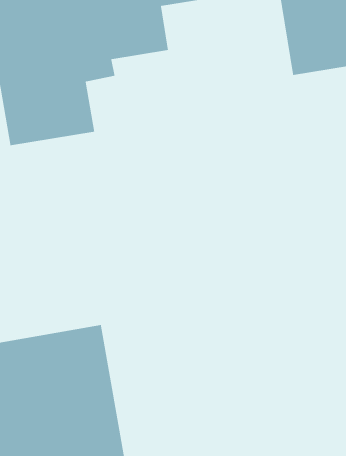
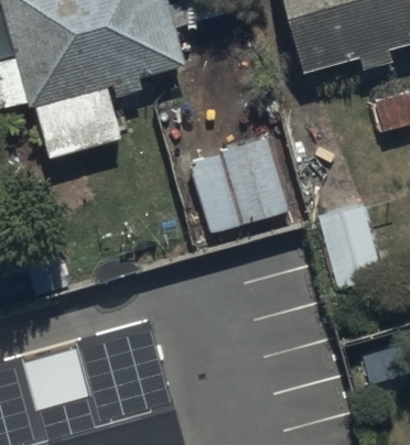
building: none -> [186,137,288,236]

